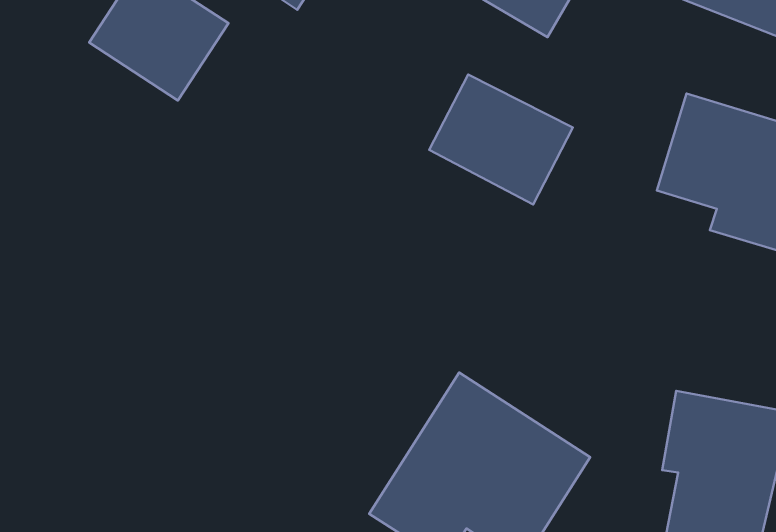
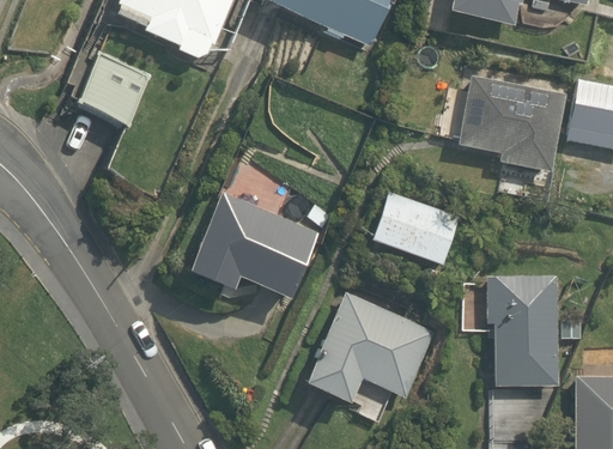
building: [429,75,573,205] -> [374,186,465,263]
building: none -> [184,184,322,303]

